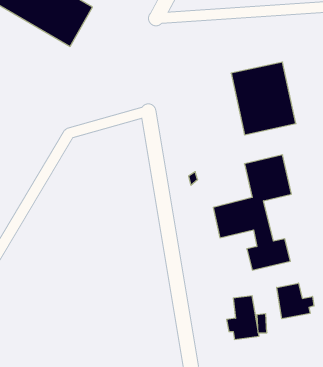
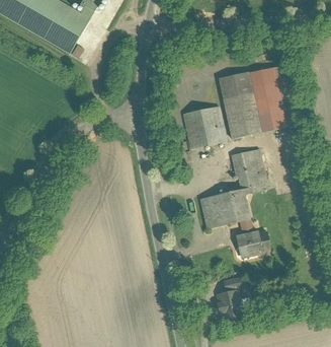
building: none -> [181,106,223,142]
building: [277,283,314,319] -> none

